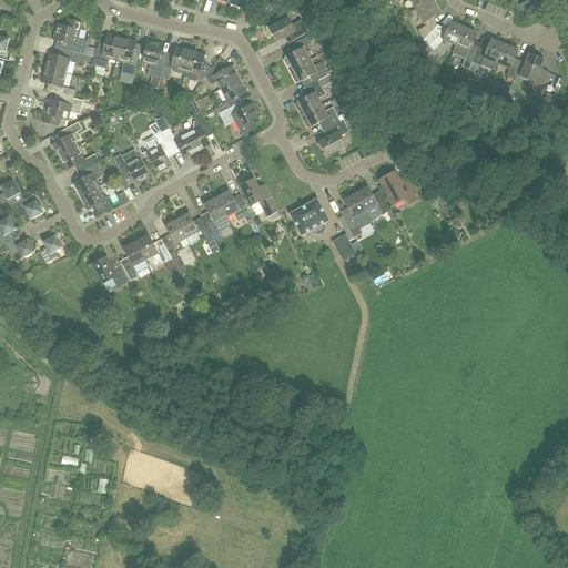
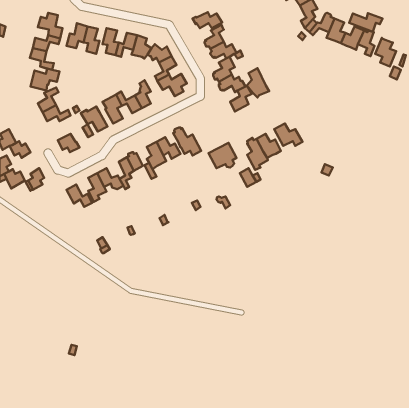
building: none -> [349,13,382,32]
building: none -> [247,68,269,97]
building: [73,160,105,194] -> none

